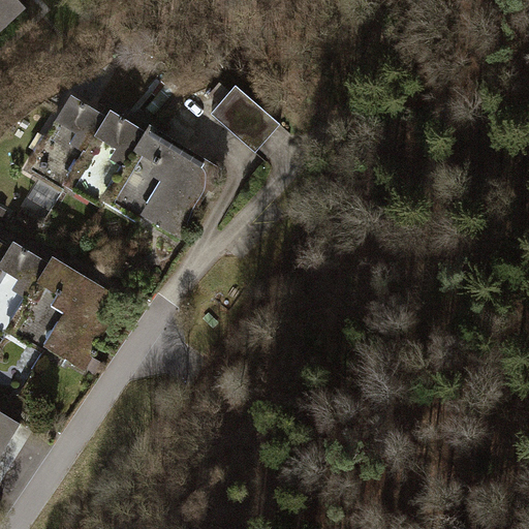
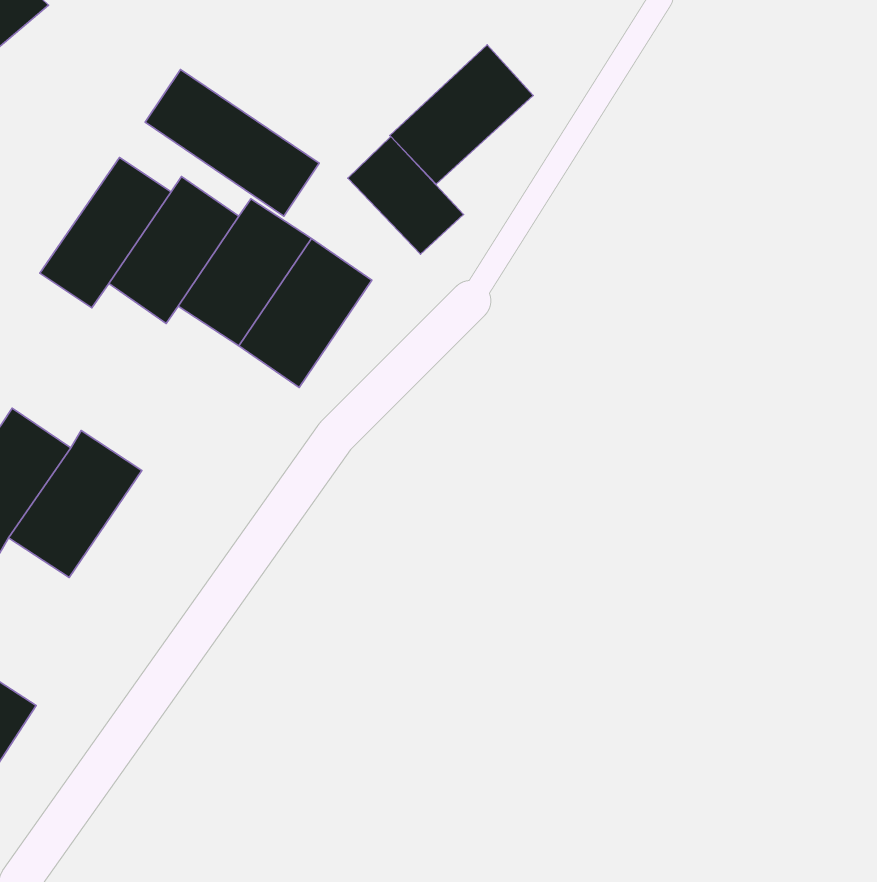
building: none -> [390,45,533,184]
building: none -> [145,69,319,216]
building: [41,281,121,370] -> none

